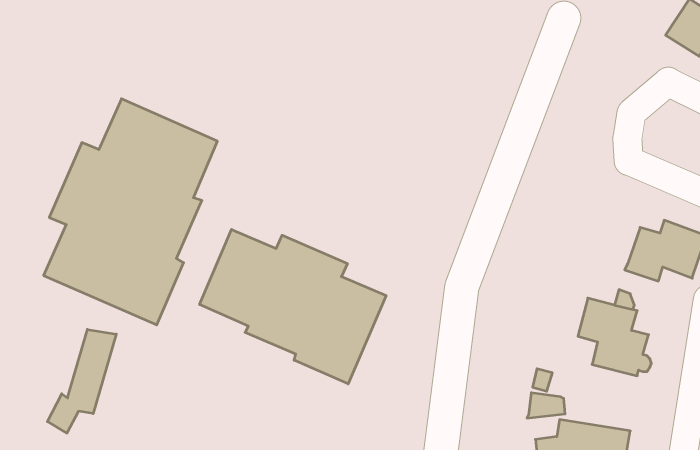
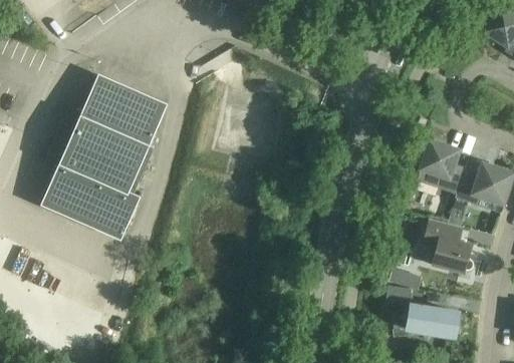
building: none -> [418,139,466,194]
building: [200,229,386,384] -> none
building: [47,329,116,433] -> none

